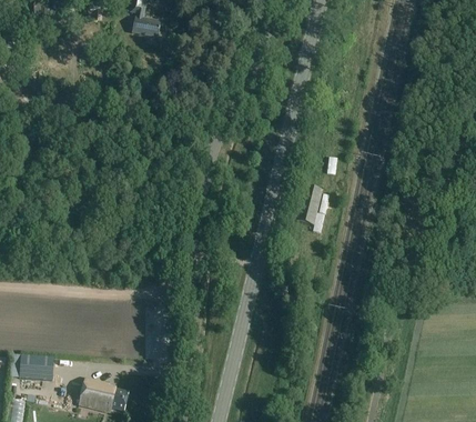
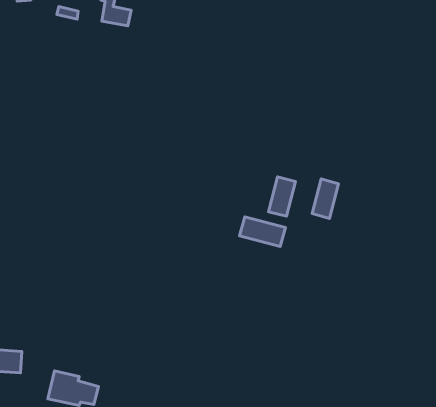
building: none -> [312,179,338,219]
building: none -> [239,217,285,246]

